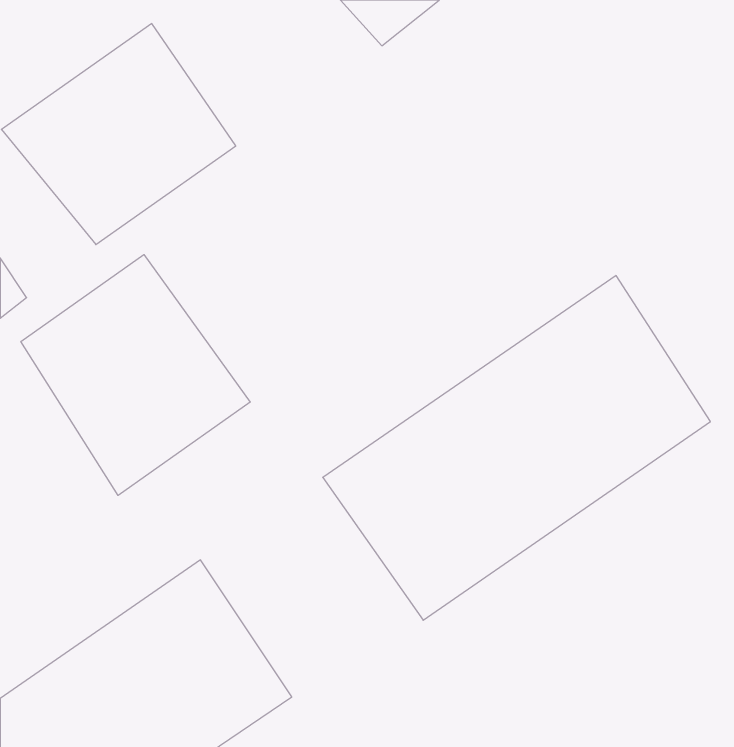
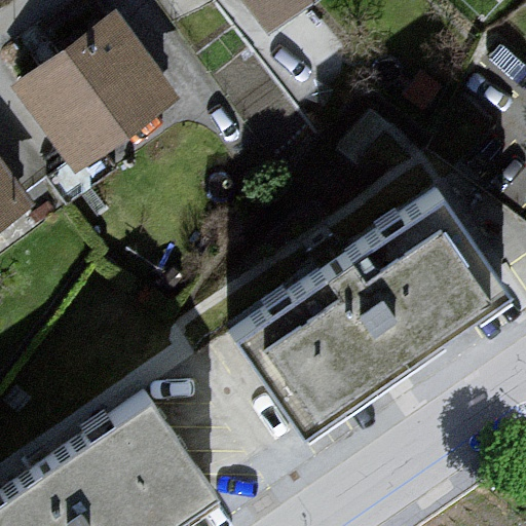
building: [21,255,250,495] -> none

